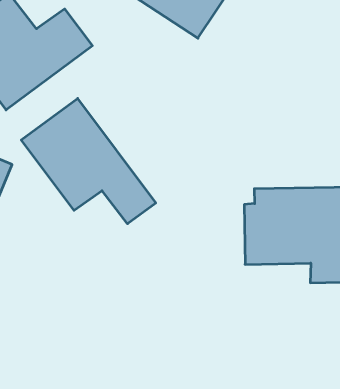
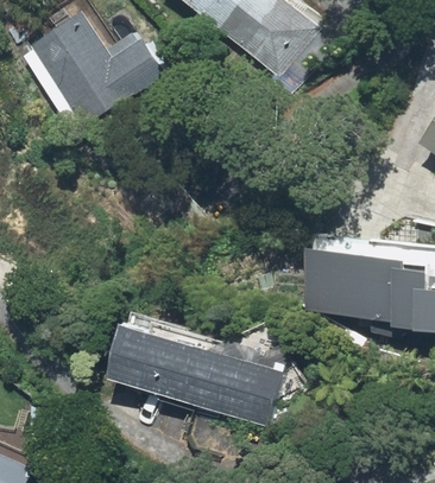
building: [21,98,156,224] -> none
building: none -> [109,326,276,428]

